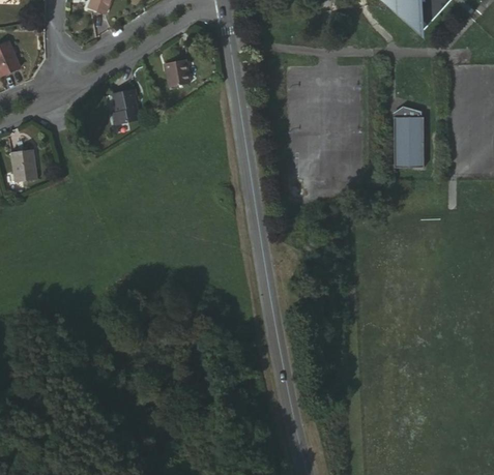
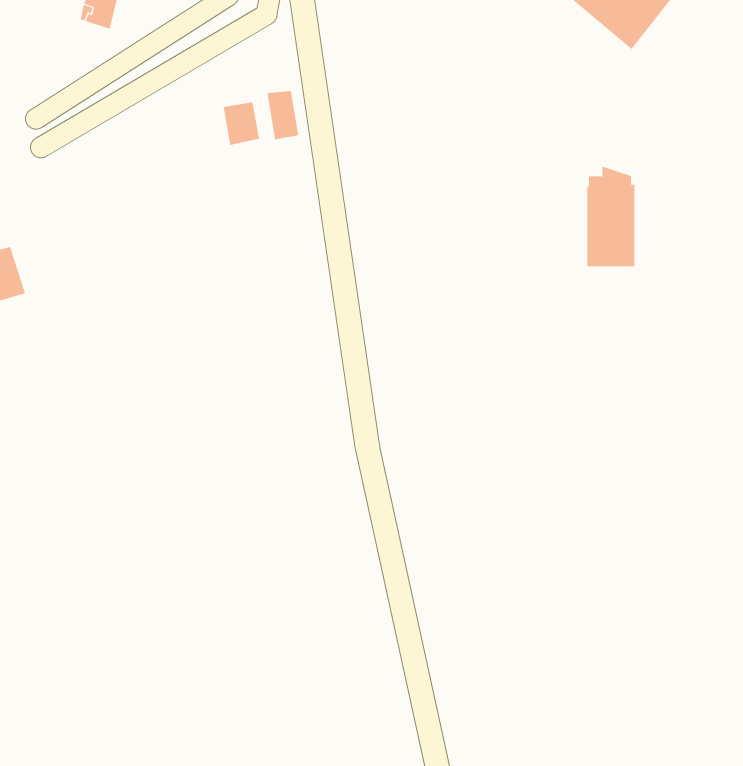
building: none -> [267,90,299,140]
building: [111,81,138,116] -> none

